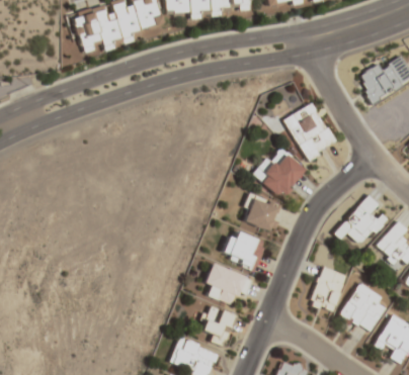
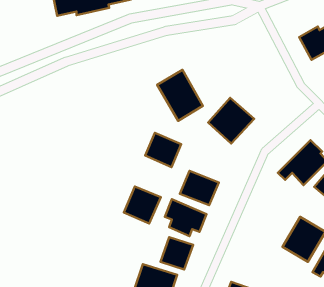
building: [282,101,335,160] -> [157,70,203,121]
building: [240,192,281,231] -> [145,133,181,167]
building: none -> [124,186,161,223]
building: [308,266,345,314] -> none

